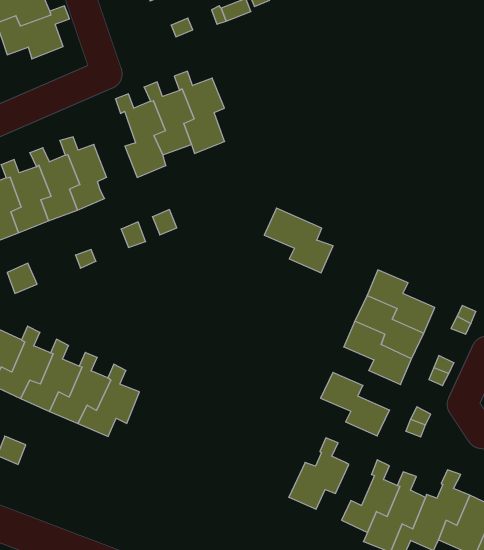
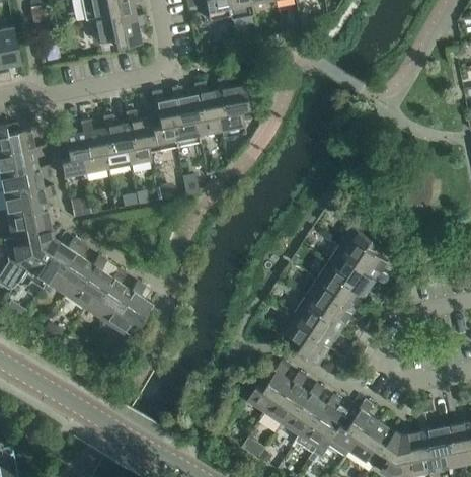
building: none -> [148,90,180,153]
building: [264,208,333,273] -> [340,227,389,280]
building: none -> [295,297,342,348]
building: none -> [261,372,312,429]

